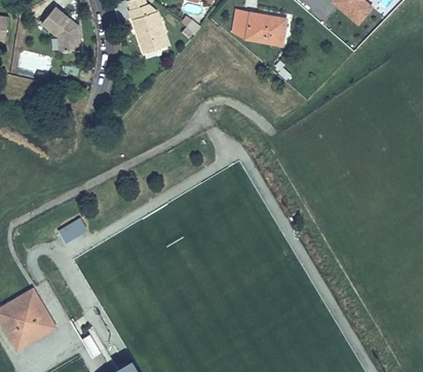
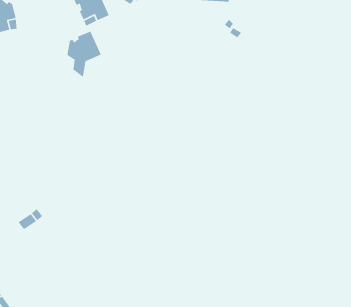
building: none -> [67,30,102,78]

